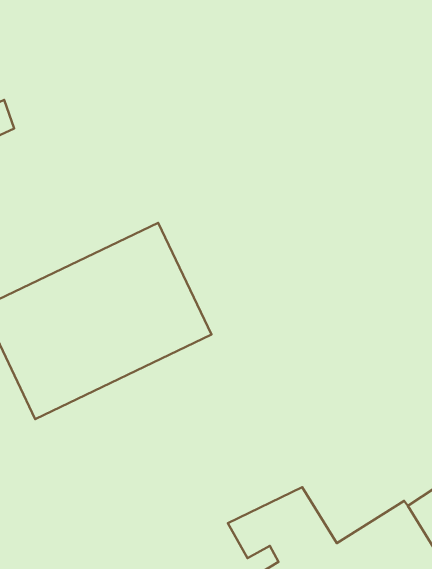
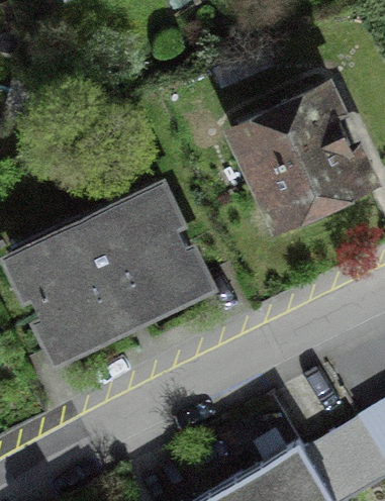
building: none -> [237,89,364,220]

